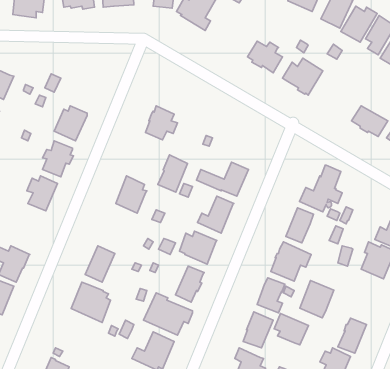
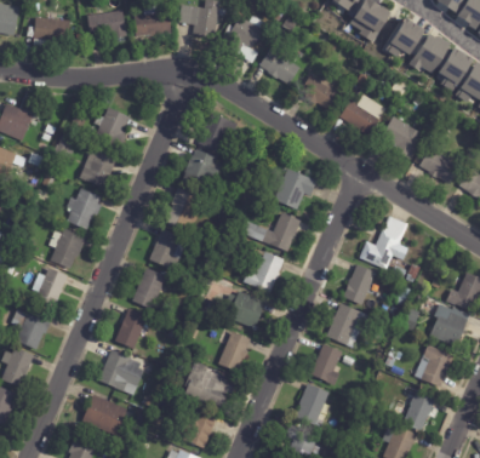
building: none -> [259,47,299,84]
building: none -> [95,107,131,150]
building: none -> [199,111,238,151]
building: none -> [382,115,425,159]
building: none -> [274,167,318,210]
building: [158,155,188,192] -> [166,187,200,229]
building: none -> [32,267,68,308]
building: none -> [133,268,166,309]
building: [300,281,334,318] -> [416,344,455,387]
building: [274,314,308,345] -> none
building: none -> [82,394,127,435]

